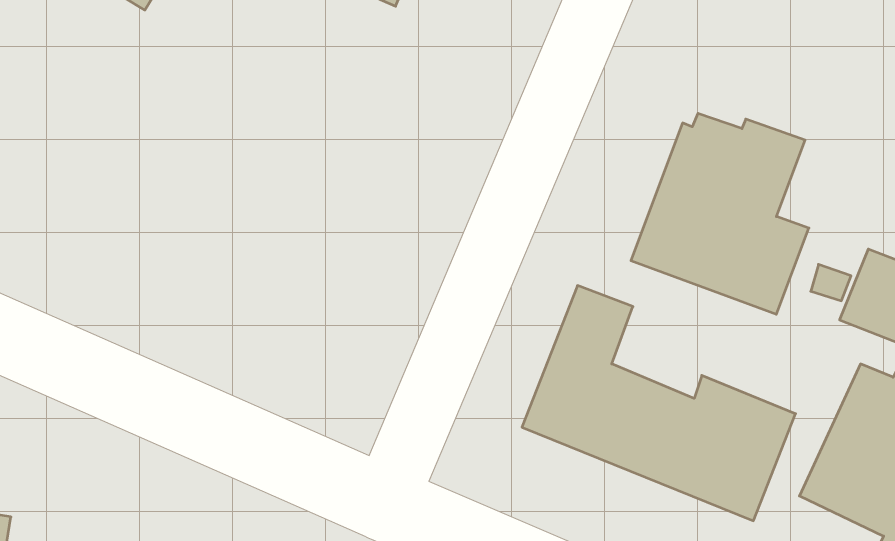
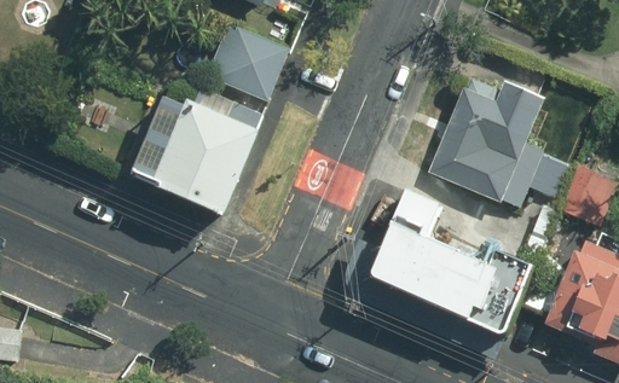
building: none -> [215,21,294,100]
building: none -> [128,87,260,214]

